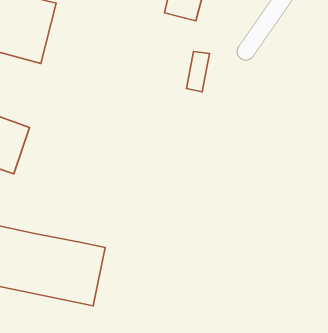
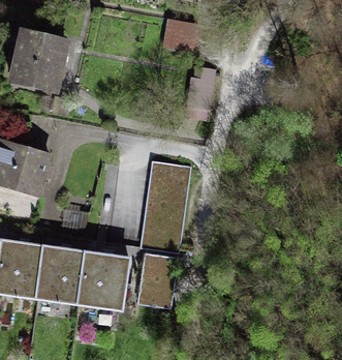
building: none -> [145,167,187,245]
building: none -> [141,259,177,303]

